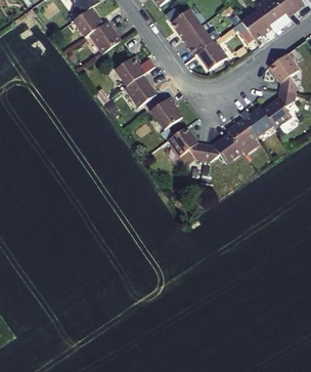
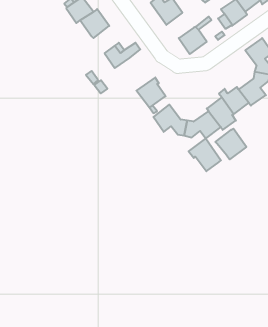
building: [183,26,213,55] -> none
building: [125,75,157,107] -> none
building: none -> [215,129,246,159]
building: none -> [189,138,221,171]

